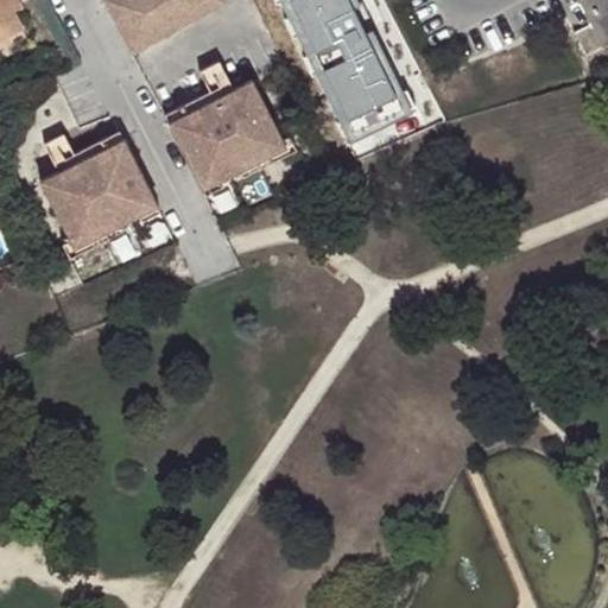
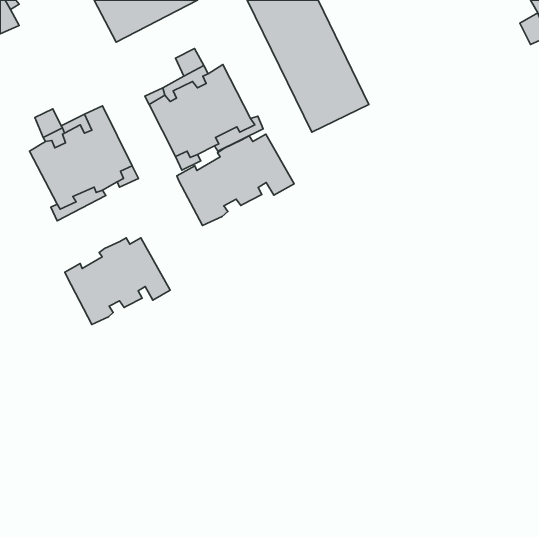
building: none -> [177,134,294,226]
building: none -> [65,238,170,324]

